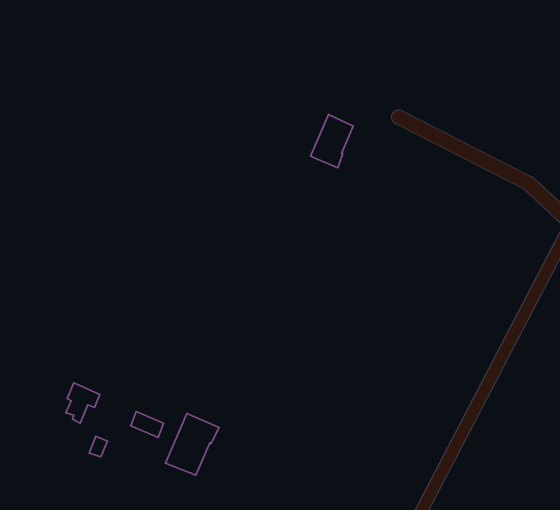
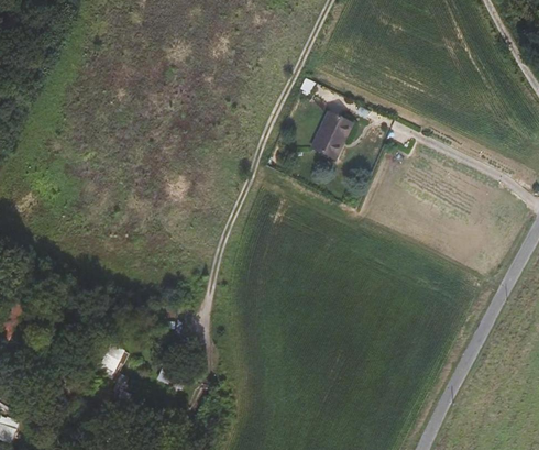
building: [165,413,219,475] -> none

